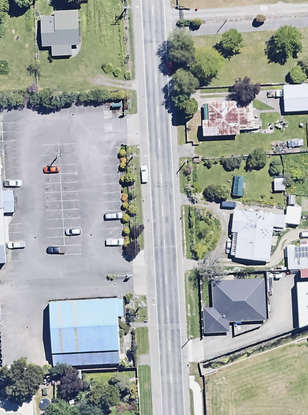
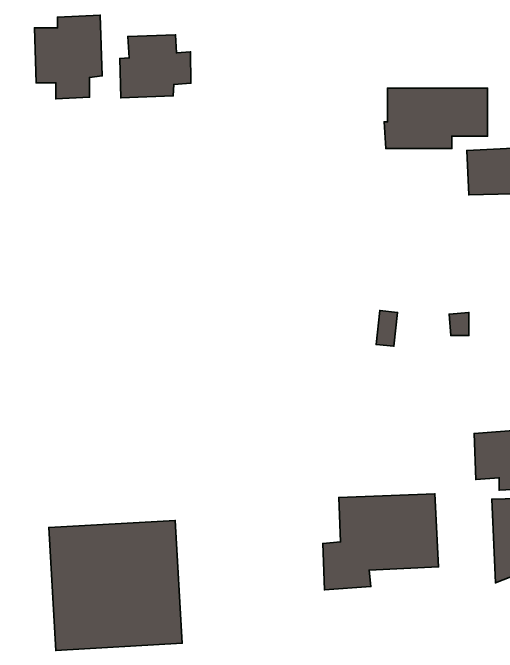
building: none -> [120,35,191,98]
building: [201,102,259,136] -> [384,88,487,149]
building: [230,210,293,261] -> none

